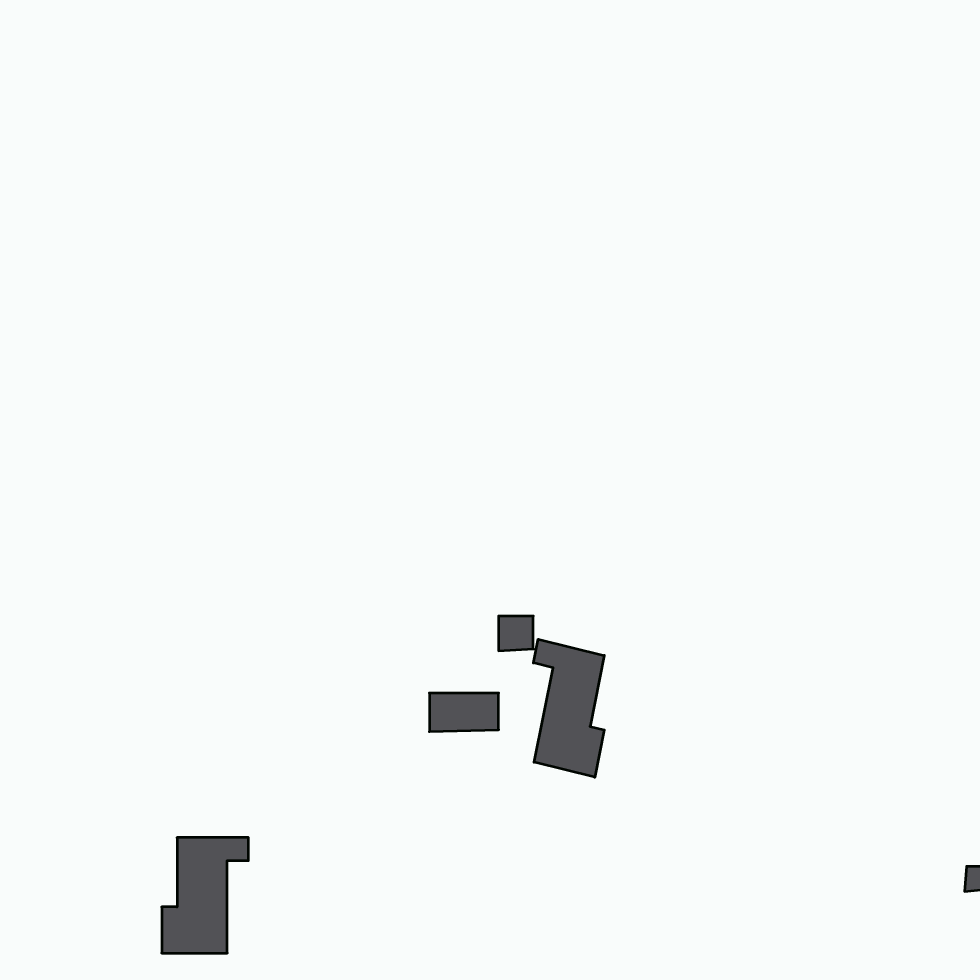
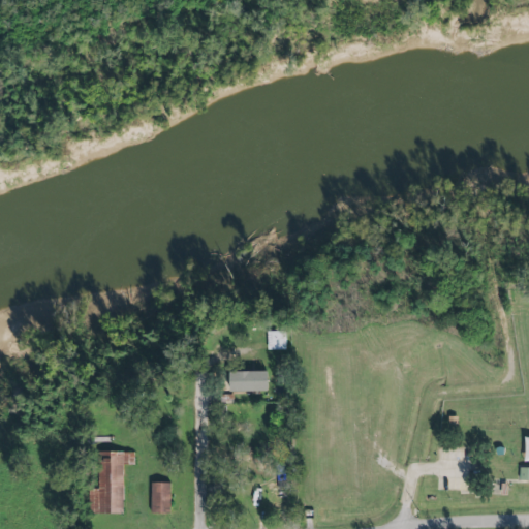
building: [533,639,604,777] -> none
building: none -> [152,480,170,511]

